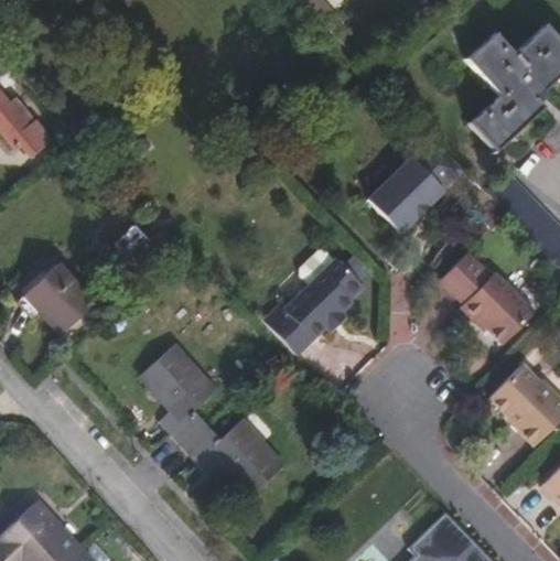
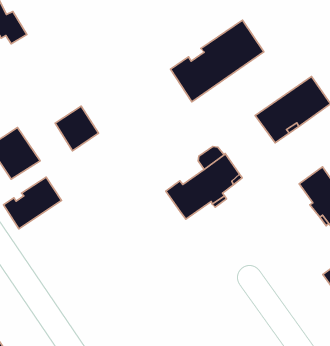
building: none -> [171,20,264,102]
building: none -> [3,177,62,229]
building: [142,343,287,493] -> none

